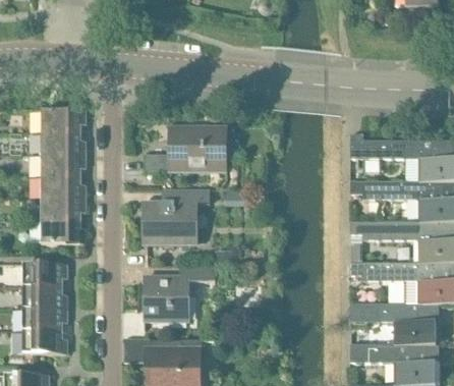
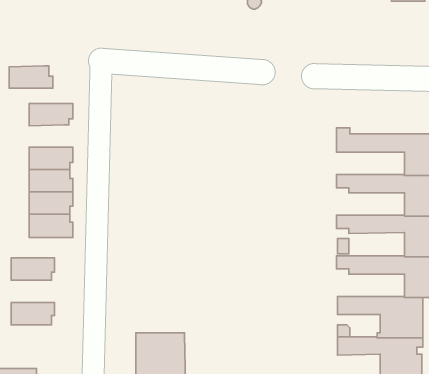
building: [144,128,224,170] -> none
building: [42,130,86,153] -> [9,66,53,88]
building: [145,188,211,244] -> none
building: [145,265,218,321] -> none
building: [23,286,67,309] -> none
building: [23,331,67,353] -> none

